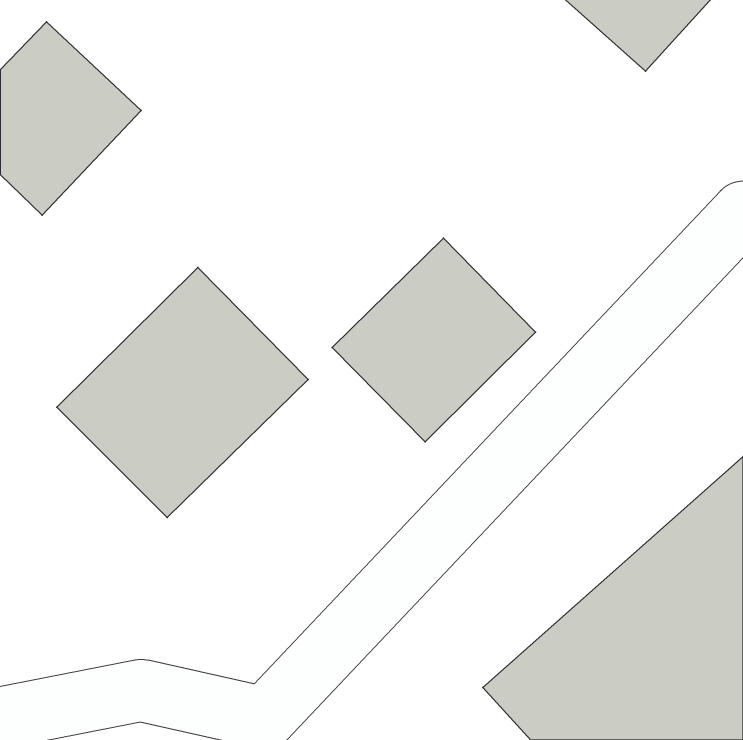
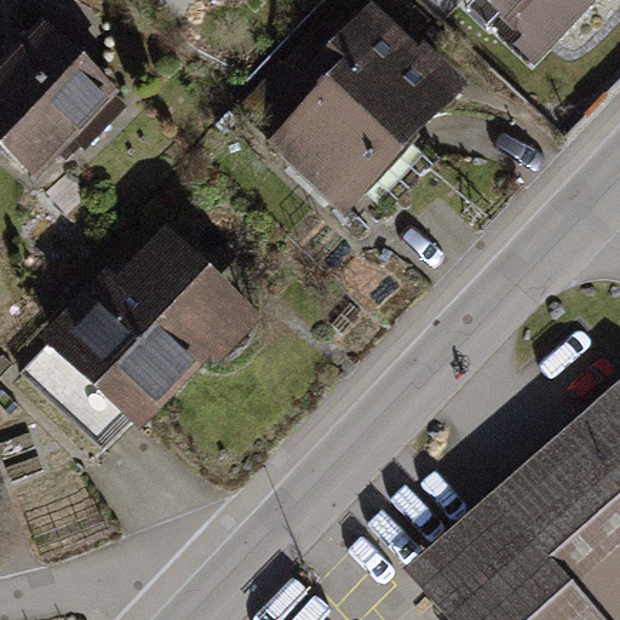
building: none -> [274,5,463,211]
building: [332,238,535,442] -> none

